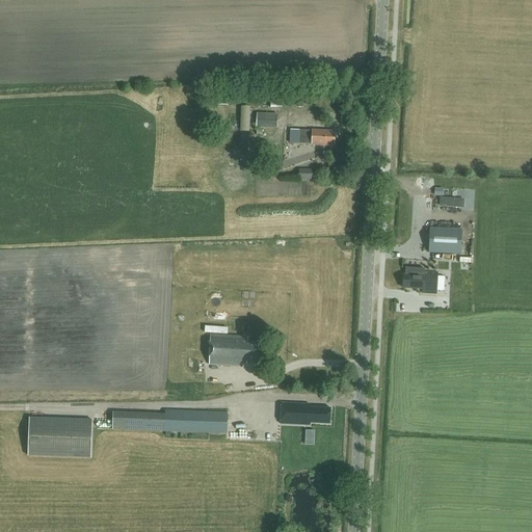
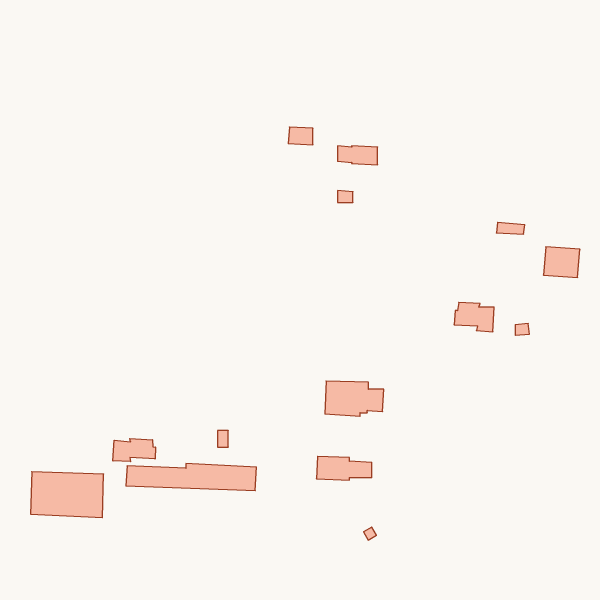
building: [428,222,460,249] -> [543,247,580,277]
building: [208,335,260,366] -> [325,381,384,416]
building: none -> [113,439,155,462]

